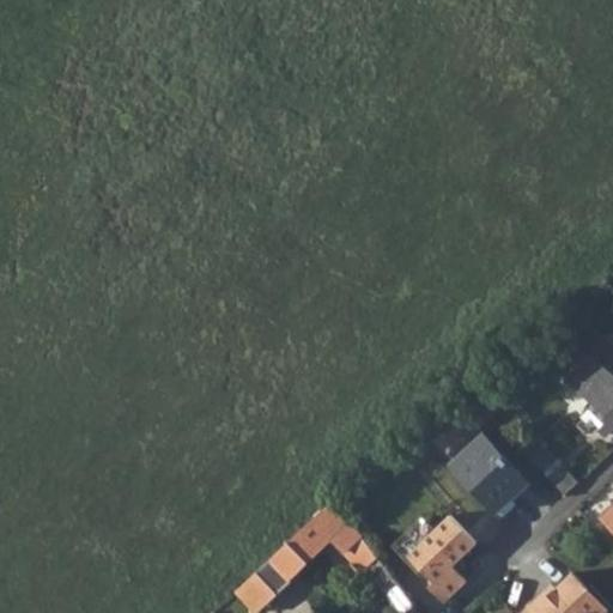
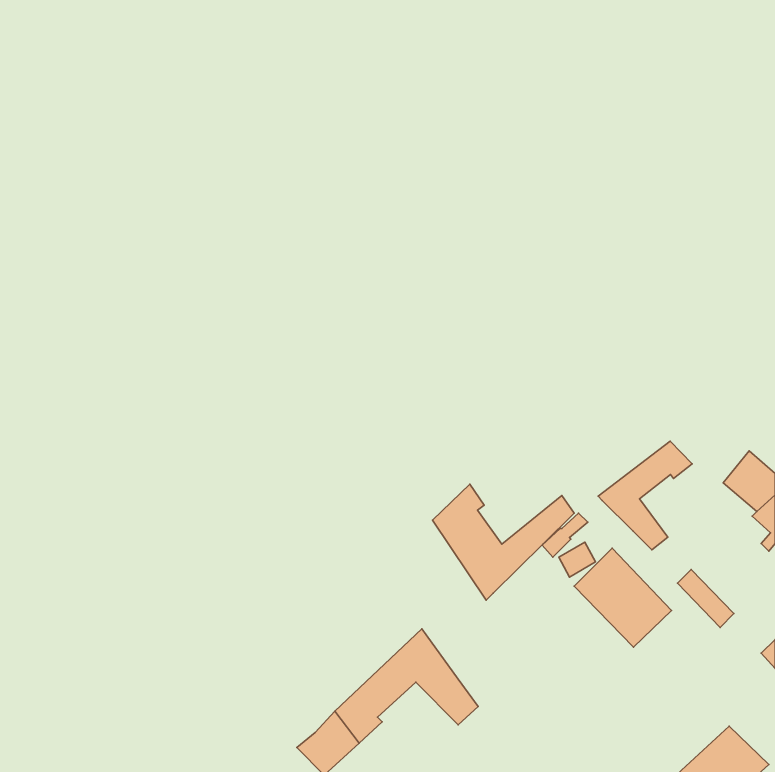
building: none -> [598,441,692,550]
building: none -> [432,484,574,600]
building: [409,518,478,606] -> none

